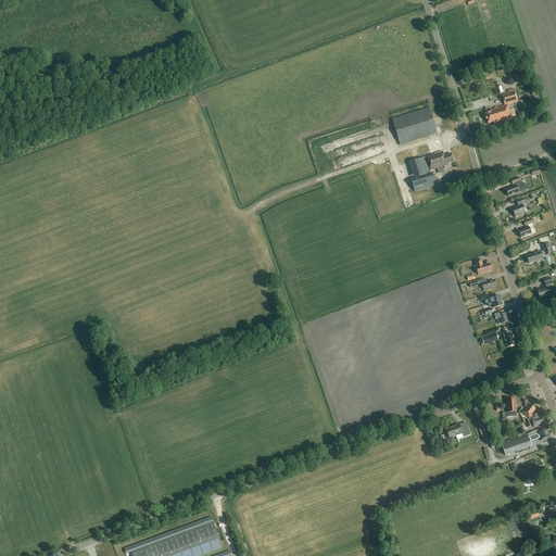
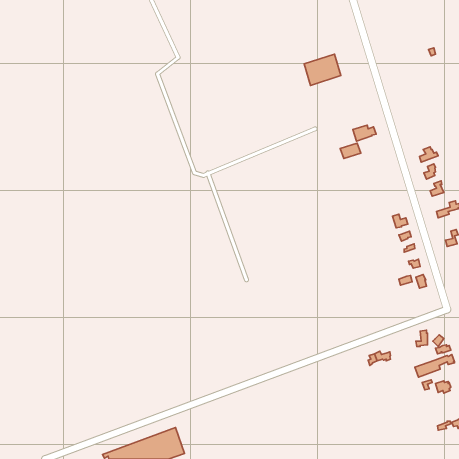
building: [485,88,519,124] -> none
building: [393,106,438,144] -> [304,54,341,86]

